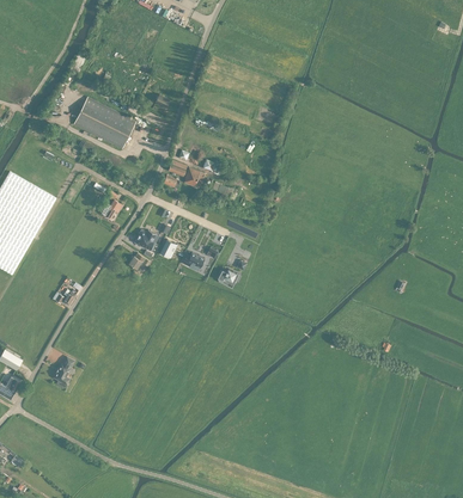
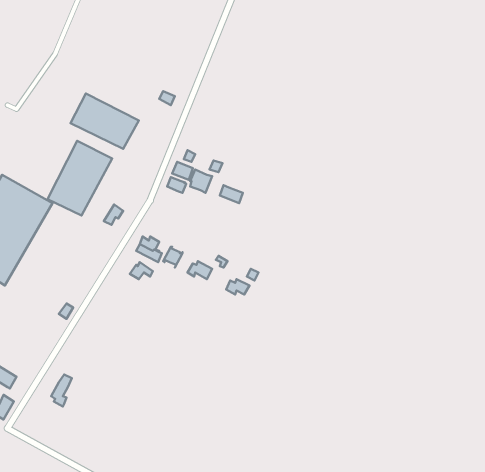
building: none -> [48,141,112,215]

